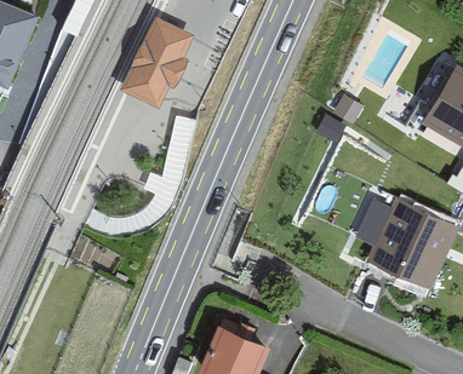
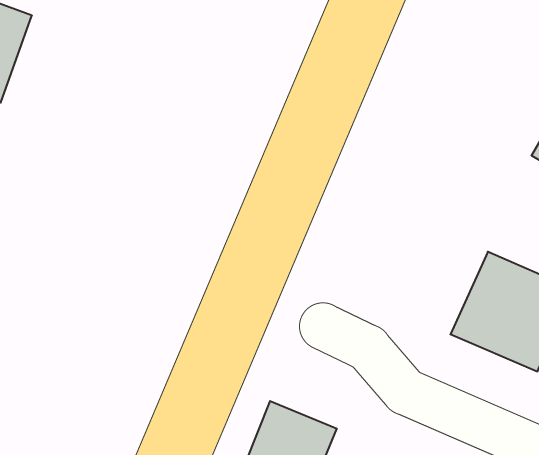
building: [127,19,192,100] -> none

